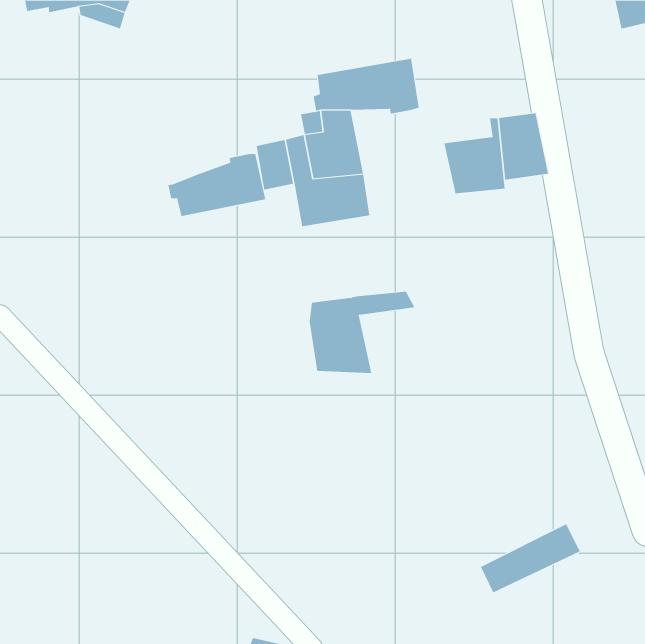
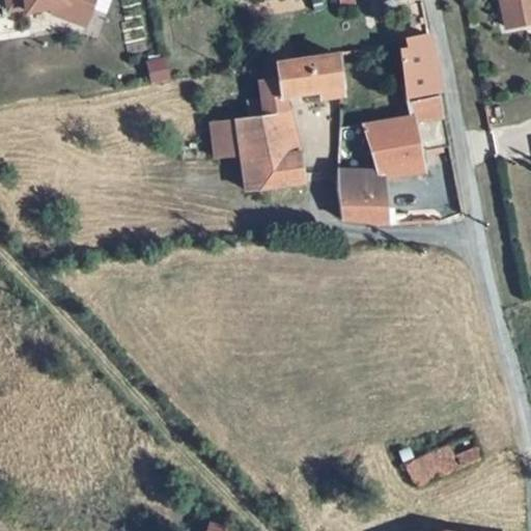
building: none -> [394,36,440,93]
building: [168,153,266,217] -> none
building: [309,291,415,374] -> [336,158,423,225]

